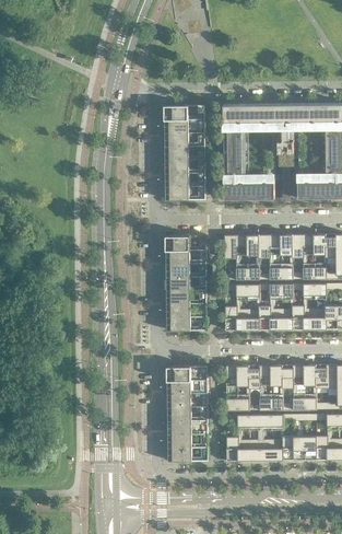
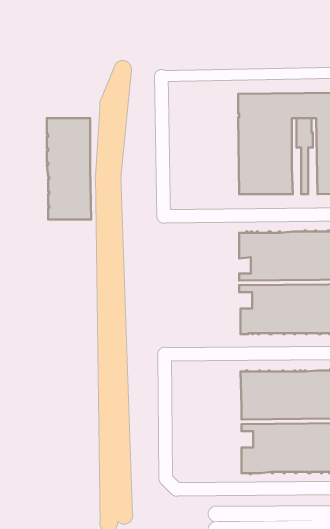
building: [165,106,207,201] -> [47,118,91,220]
building: [166,236,208,332] -> none
building: [168,367,209,462] -> none

